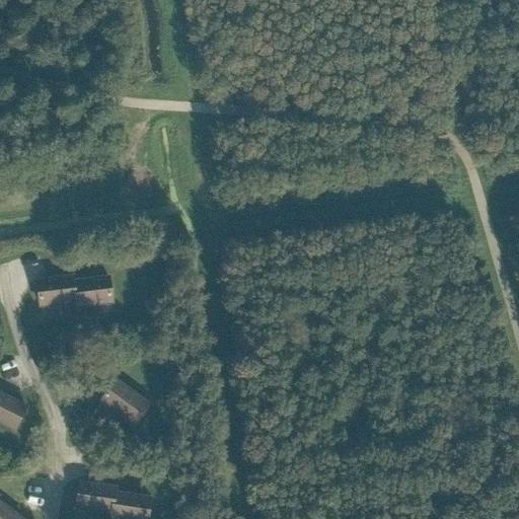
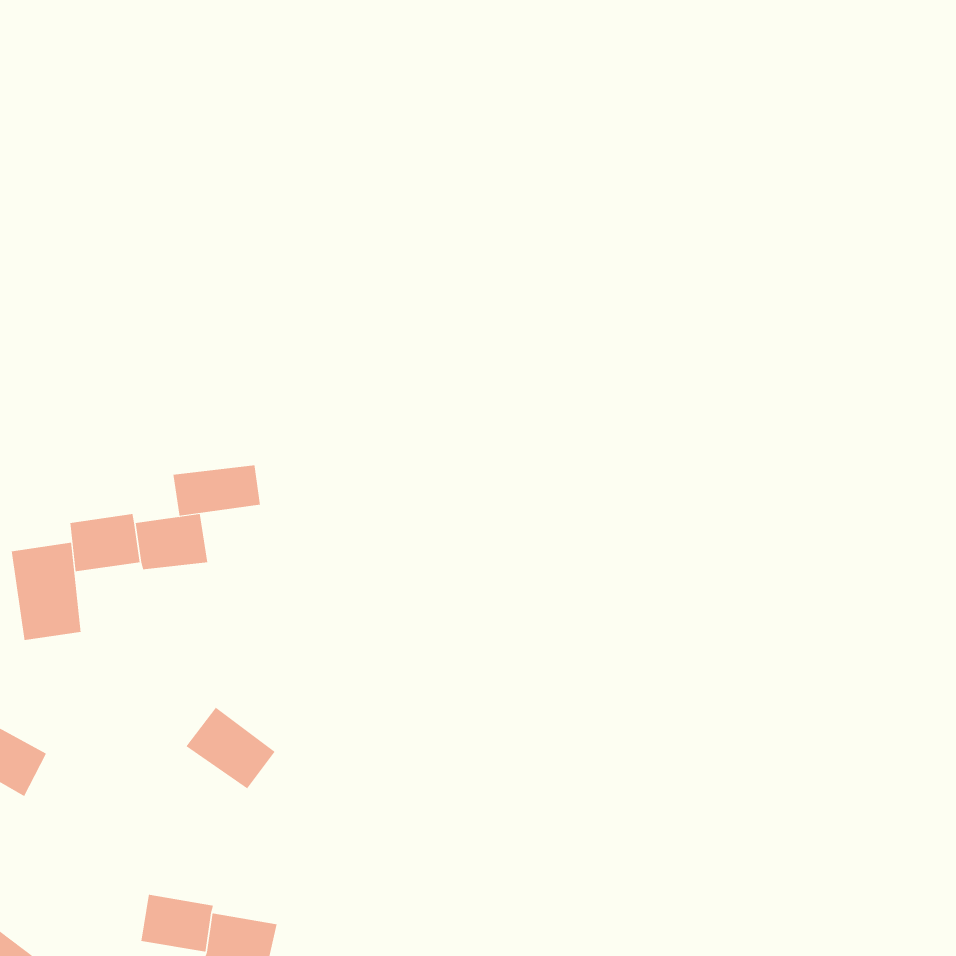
building: none -> [173,465,261,517]
building: none -> [11,542,81,641]

